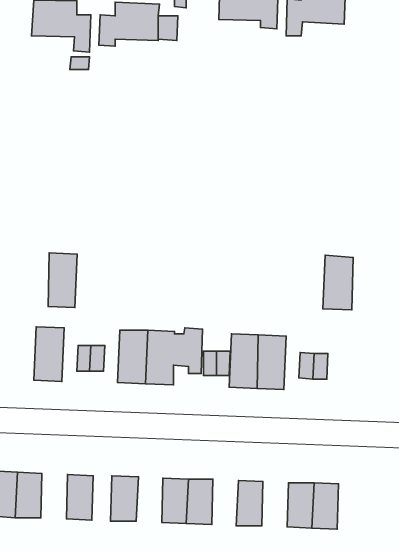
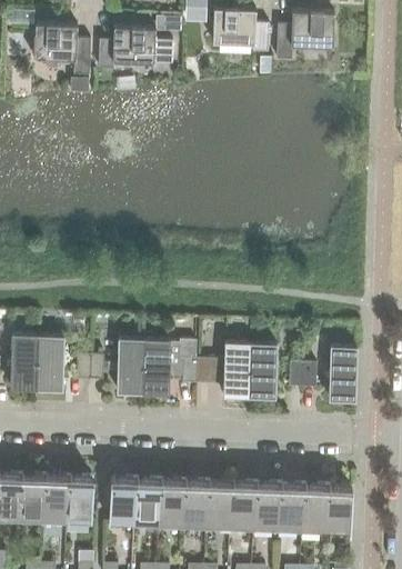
building: [48,253,77,308] -> [10,337,38,389]
building: [323,255,353,310] -> [328,348,356,400]
building: none -> [42,478,68,521]
building: none -> [133,481,159,525]
building: none -> [205,483,231,528]
building: none -> [253,486,279,529]
building: none -> [325,488,352,532]

